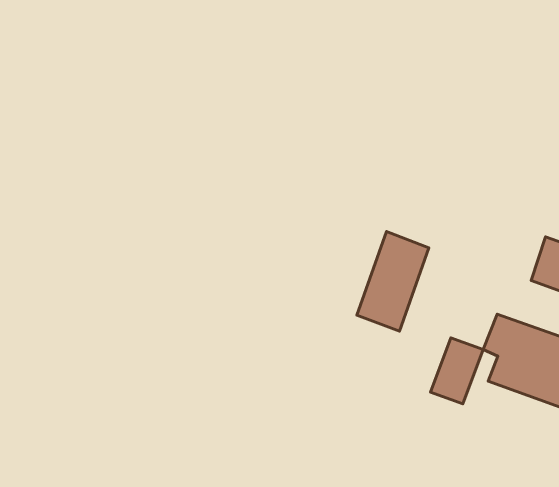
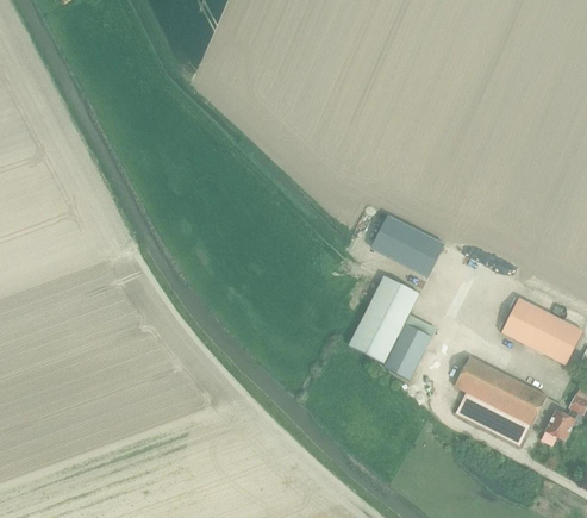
building: none -> [370,214,443,275]
building: [430,338,483,404] -> [382,322,431,379]

